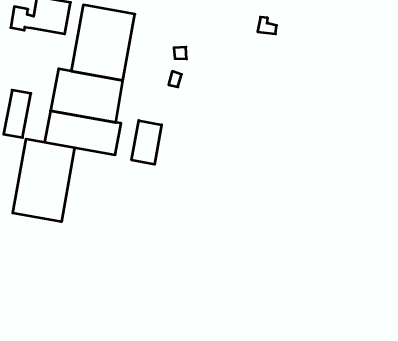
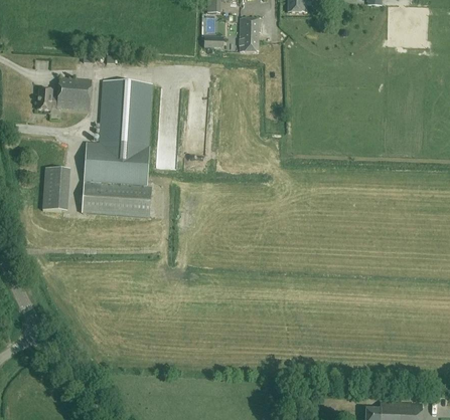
building: [132,120,162,164] -> none
building: [13,139,75,222] -> none

